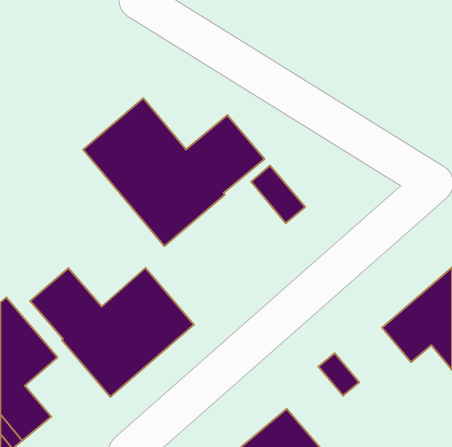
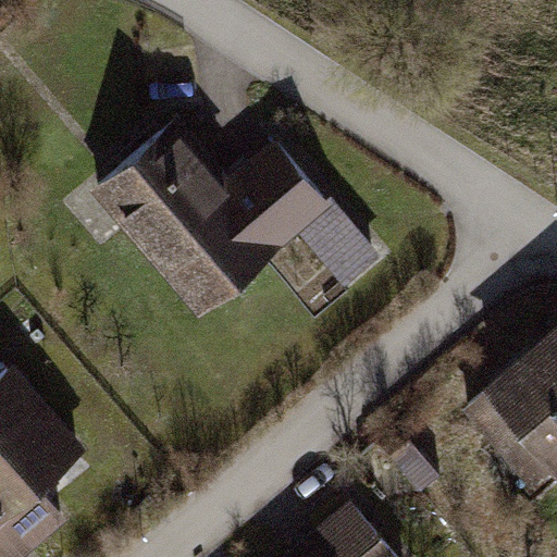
building: [30,268,194,397] -> none

